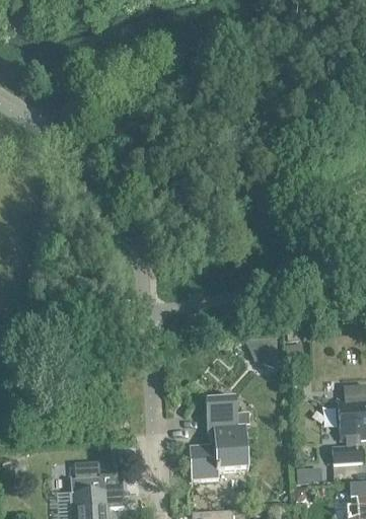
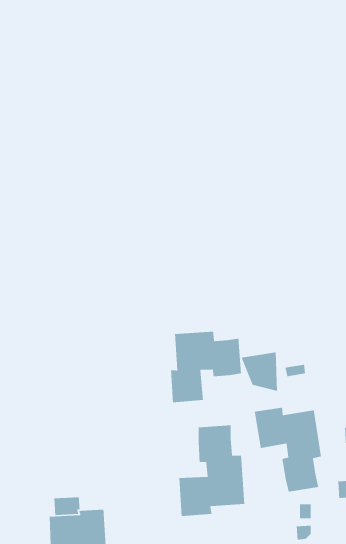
building: none -> [170,331,242,403]
building: none -> [254,407,322,492]

